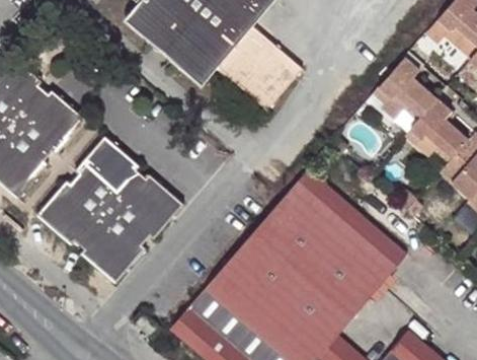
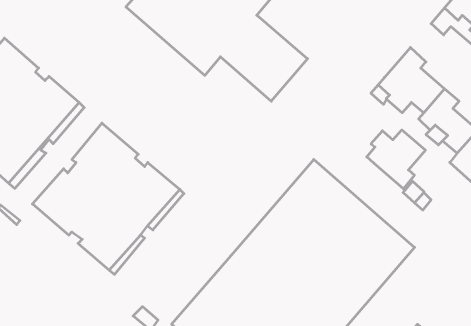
building: none -> [367,130,425,189]

